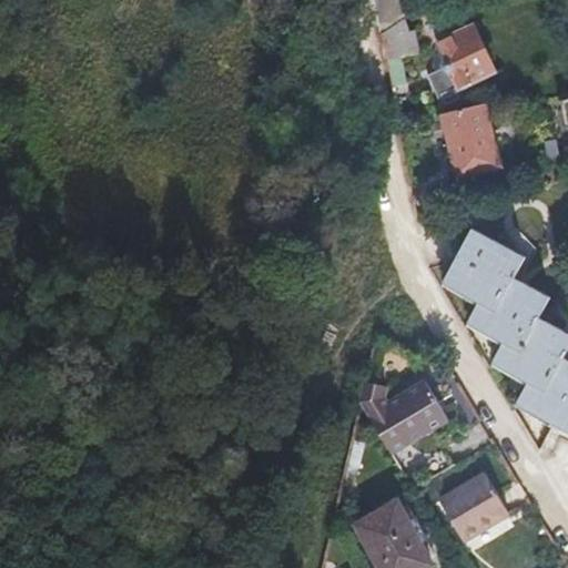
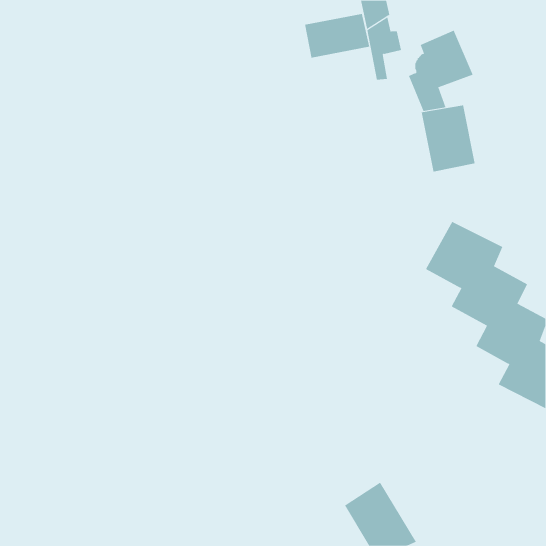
building: none -> [304,13,370,59]
building: [359,376,449,454] -> none
building: [440,475,509,541] -> none

